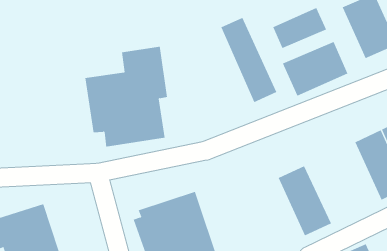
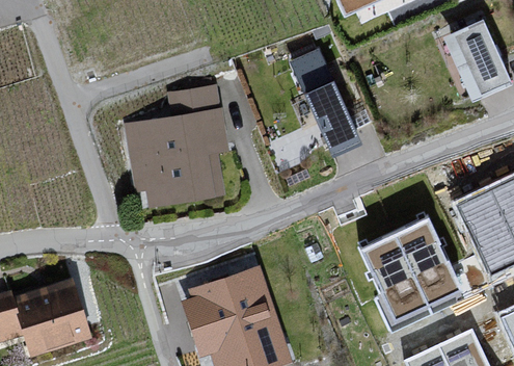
building: [273,7,327,49] -> none
building: [282,41,348,97] -> none
building: none -> [396,217,463,306]

